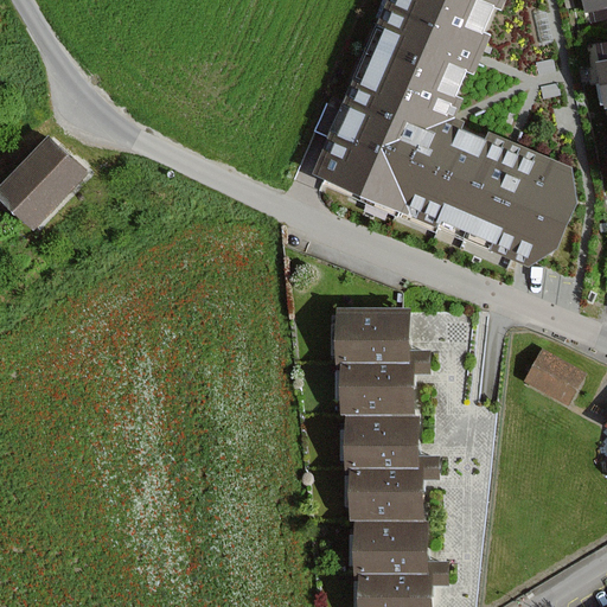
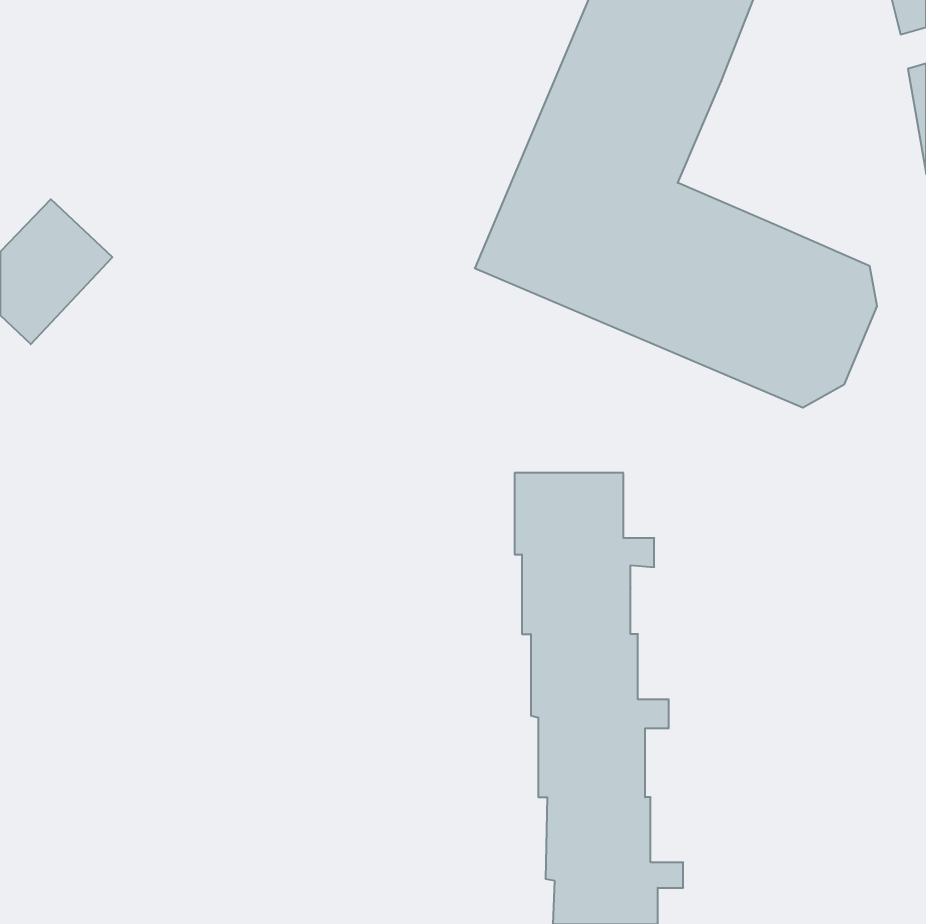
building: [532,346,594,401] -> none

